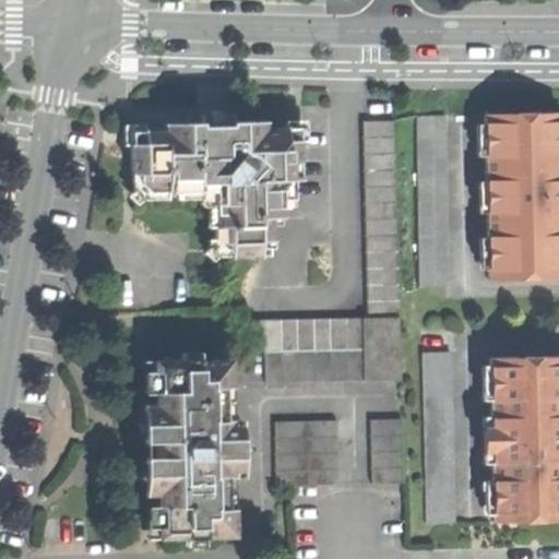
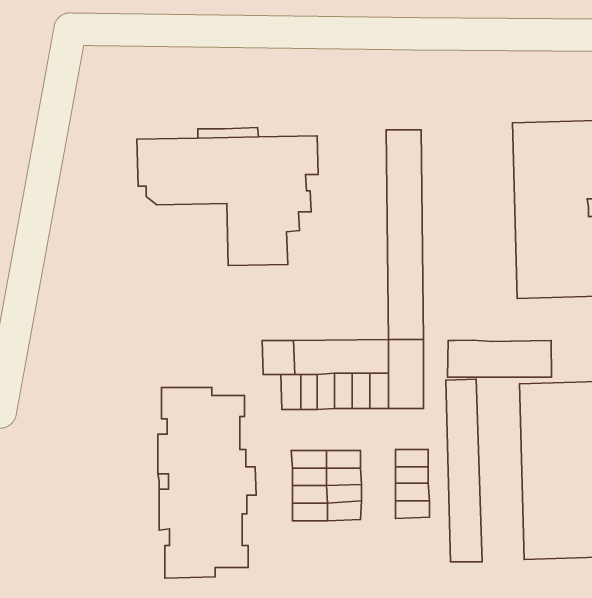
building: [416,116,450,288] -> none
building: none -> [447,340,552,377]

